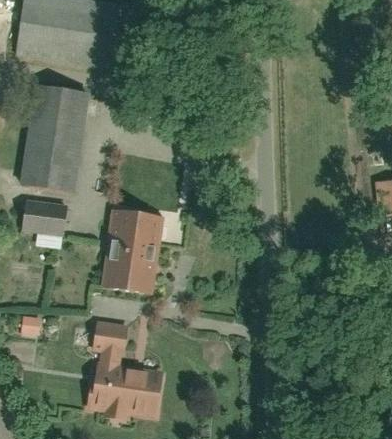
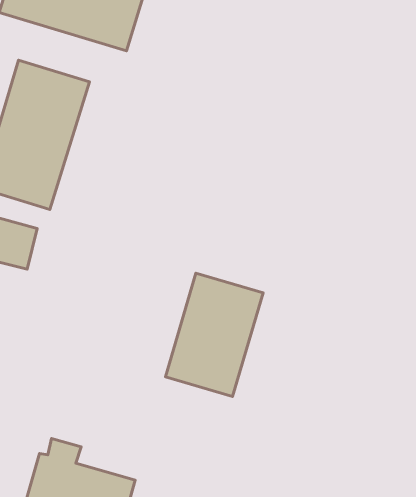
building: [101,210,162,294] -> [165,273,263,397]
building: [92,322,125,355] -> none

